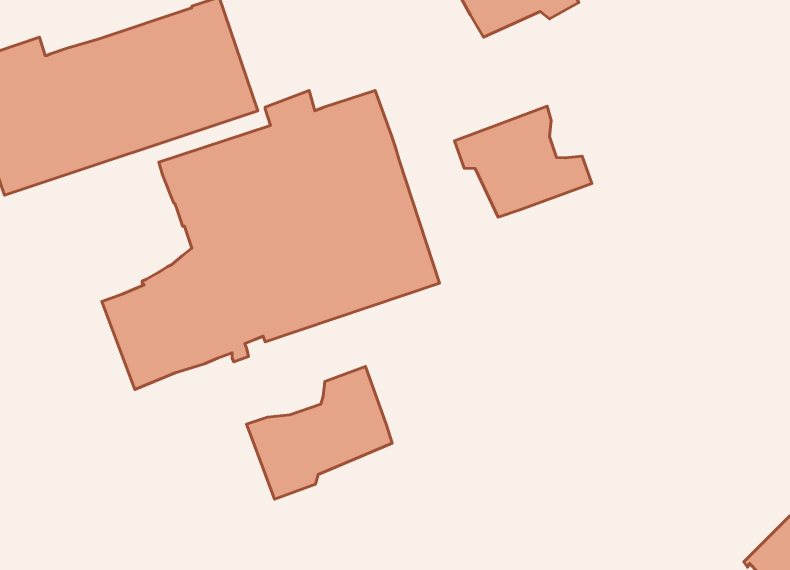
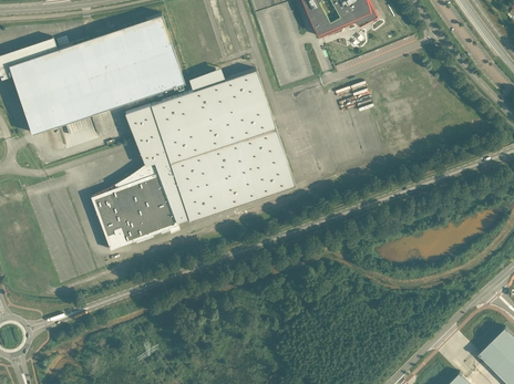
building: [455,106,592,217] -> none
building: [246,367,392,499] -> none

